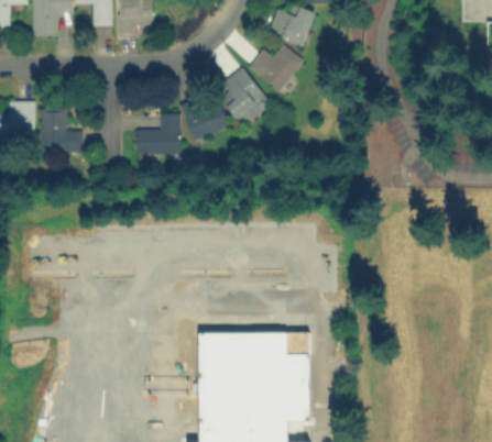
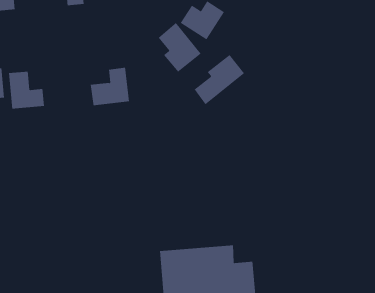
building: [181,99,229,140] -> none
building: none -> [194,54,245,105]

